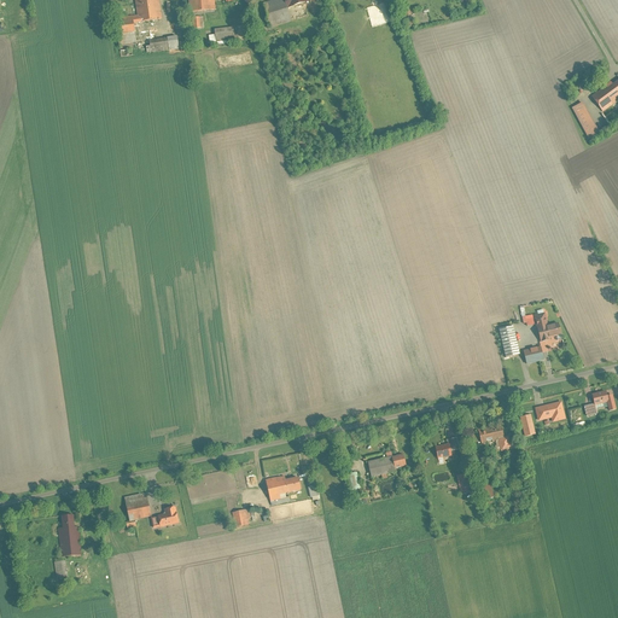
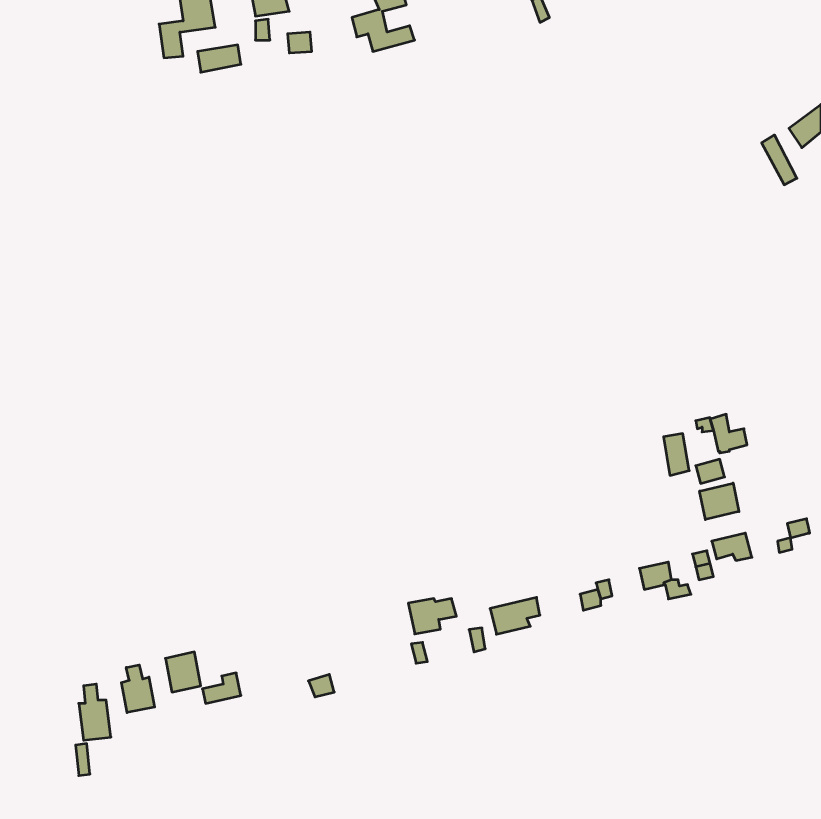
building: none -> [700,483,739,520]
building: [267,476,303,502] -> [408,599,456,634]
building: none -> [121,665,155,713]

